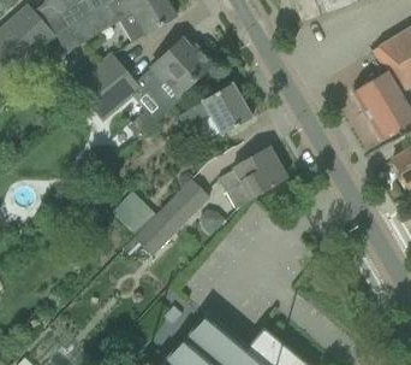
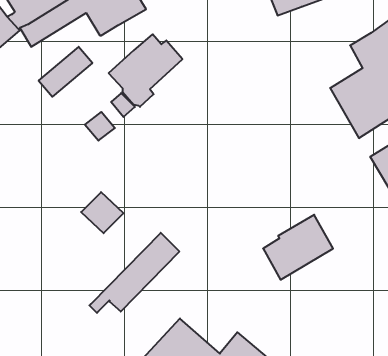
building: [87,67,143,122] -> none
building: [179,83,252,139] -> none
building: [220,146,287,208] -> [263,215,333,280]
building: [123,178,209,255] -> [89,233,179,313]

